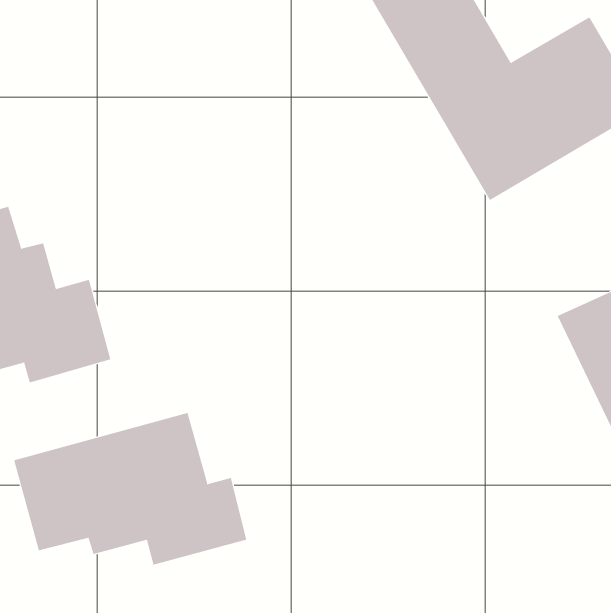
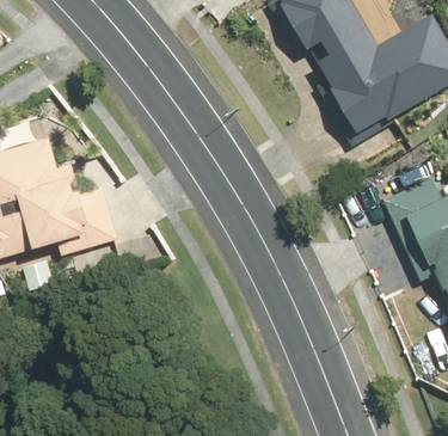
building: [14,412,247,566] -> none

